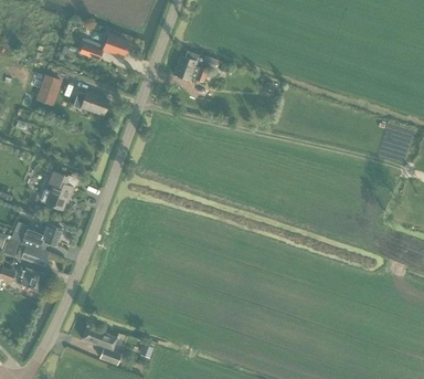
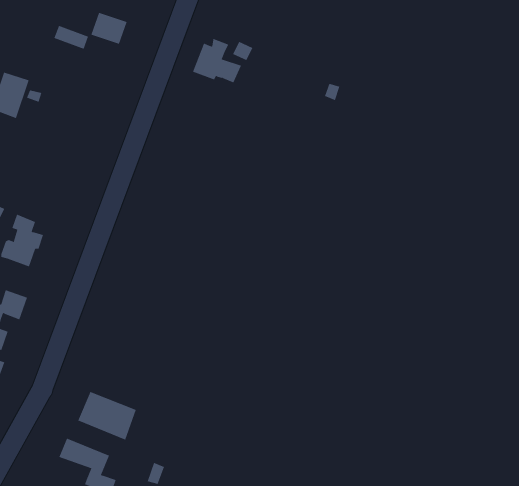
building: [68,91,108,113] -> none
building: none -> [77,391,137,440]

